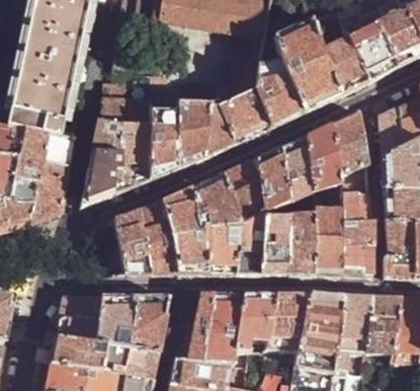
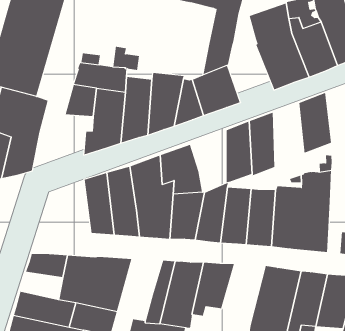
building: [254,60,304,127] -> none
building: [305,123,340,190] -> none
building: [80,152,119,206] -> none
building: [222,156,261,222] -> none
building: [265,293,308,356] -> none
building: [57,317,100,343] -> none

